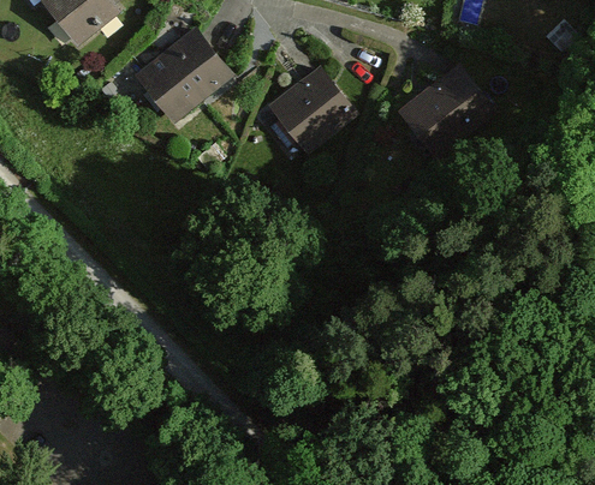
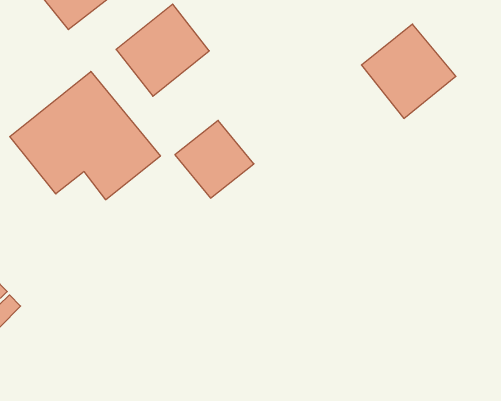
building: [264,54,350,138] -> [175,120,254,198]
building: none -> [10,71,160,200]

